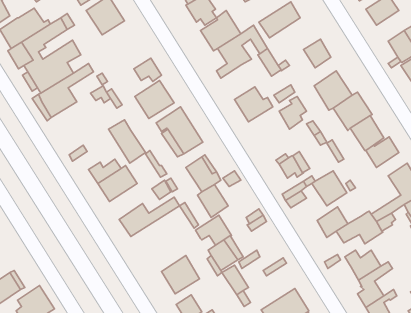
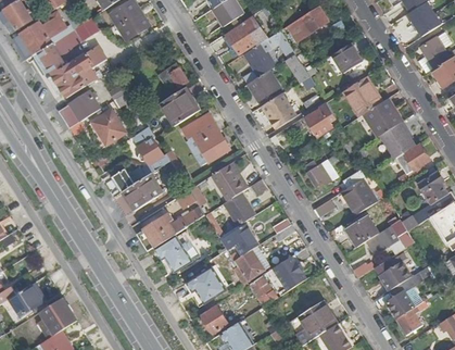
building: none -> [248,70,279,99]
building: none -> [92,109,126,145]
building: none -> [155,232,191,271]

